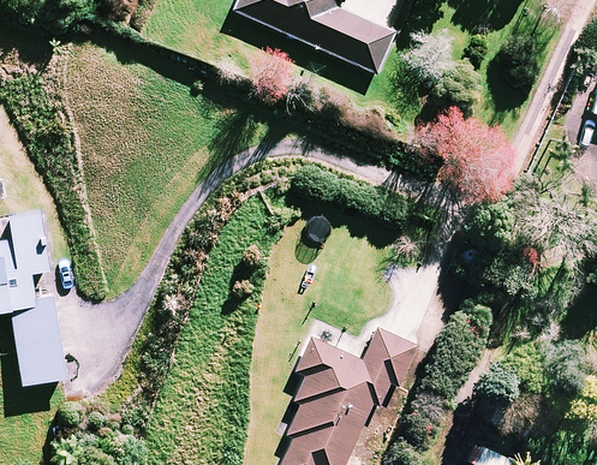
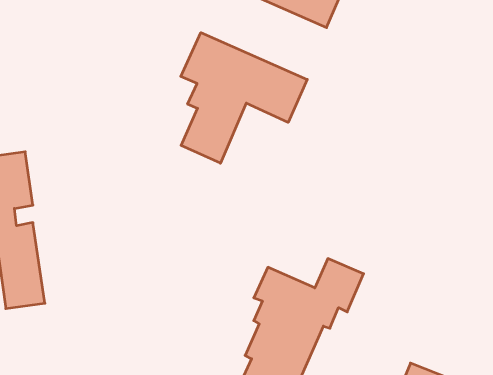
building: none -> [181,33,307,163]

